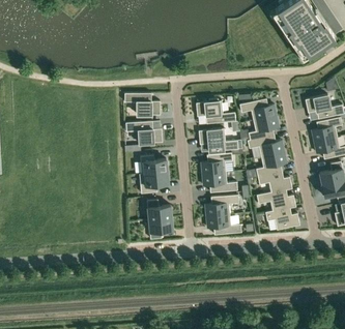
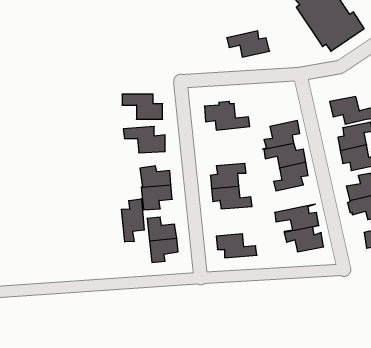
building: [239,98,277,121] -> [227,31,270,57]
building: [198,128,238,152] -> none
building: [256,172,292,196] -> none
building: none -> [121,199,144,242]
building: [205,195,236,216] -> none

